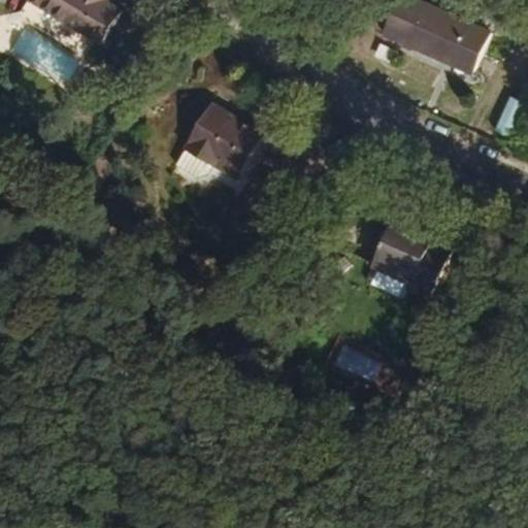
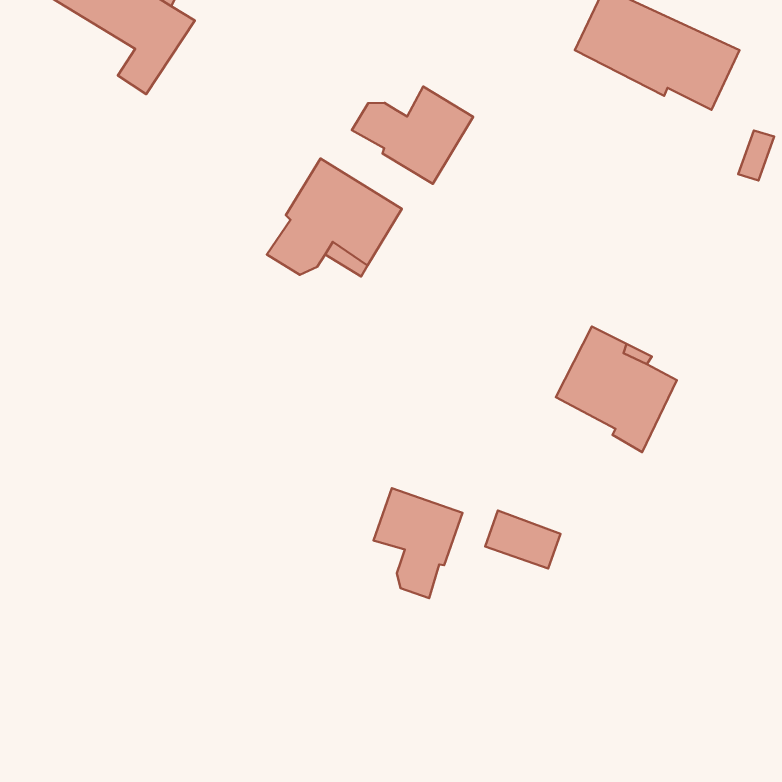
building: none -> [352,86,473,184]
building: none -> [374,488,463,598]

